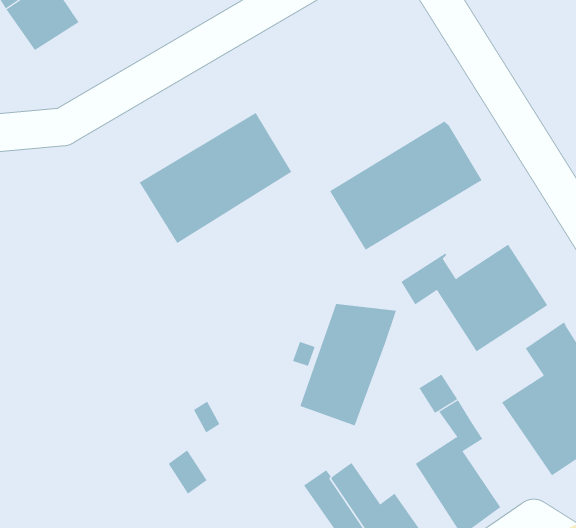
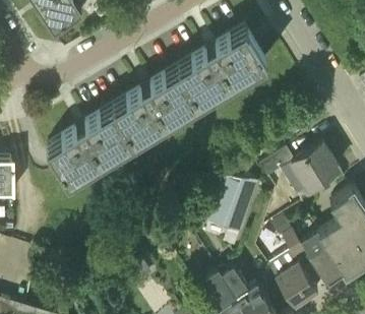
building: [329,121,482,251] -> [180,29,266,103]
building: none -> [49,109,135,183]
building: none -> [302,233,347,285]

